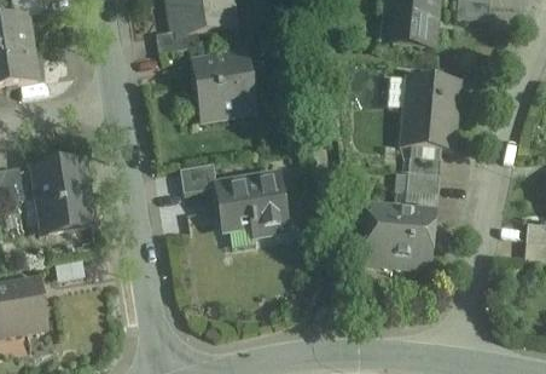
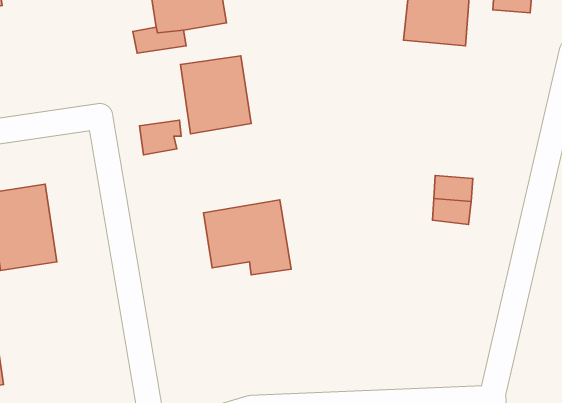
building: [388,71,460,145] -> none
building: [179,163,214,192] -> [139,120,181,155]
building: [365,206,435,267] -> none

